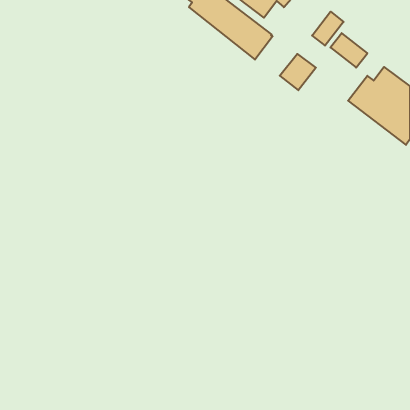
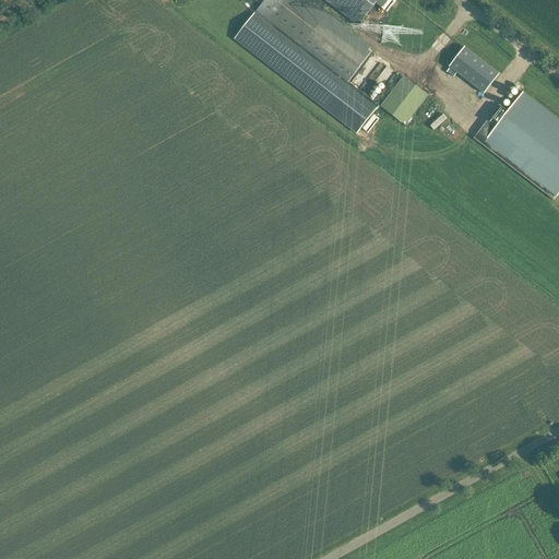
building: none -> [234,10,379,133]
building: [312,12,344,46] -> none

